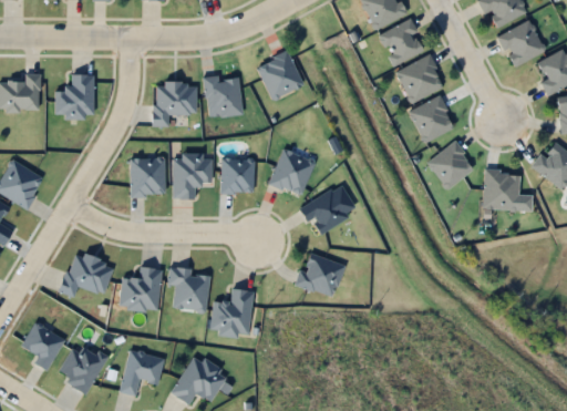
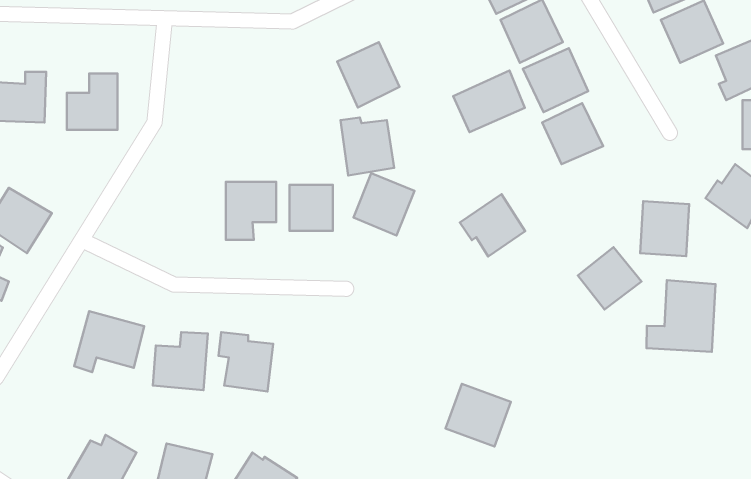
building: none -> [453,71,525,132]
building: [204,75,244,119] -> [341,117,394,175]
building: [154,83,196,126] -> none
building: [427,142,475,188] -> [578,247,642,310]
building: [131,157,165,197] -> none
building: [300,187,349,234] -> [460,194,525,257]
building: none -> [647,280,716,352]
building: [296,250,344,297] -> [446,384,511,446]
building: [212,288,252,335] -> none
building: [22,322,64,370] -> none

